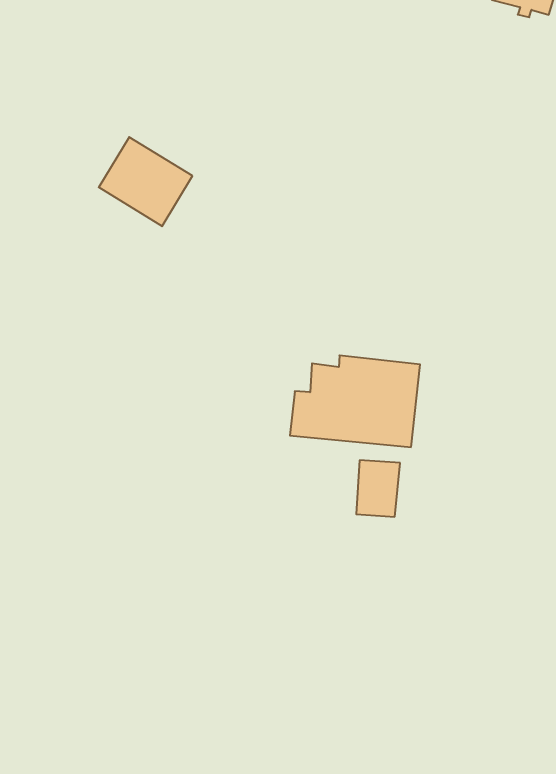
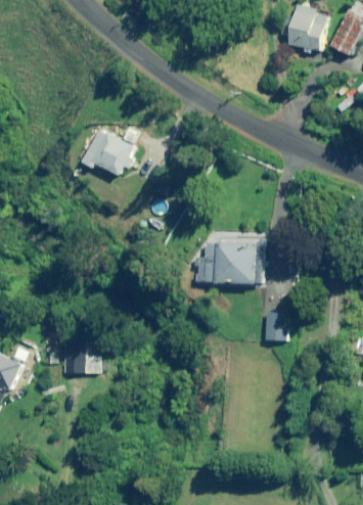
building: [356,460,400,517] -> [266,312,287,340]
building: none -> [62,340,98,373]

